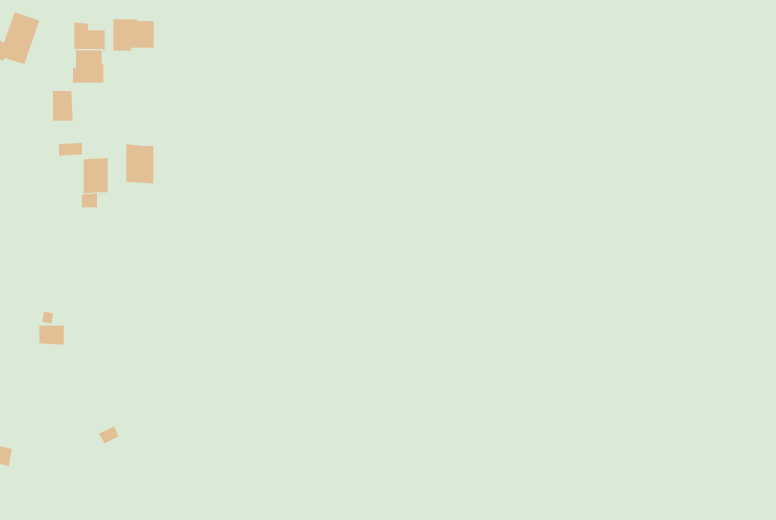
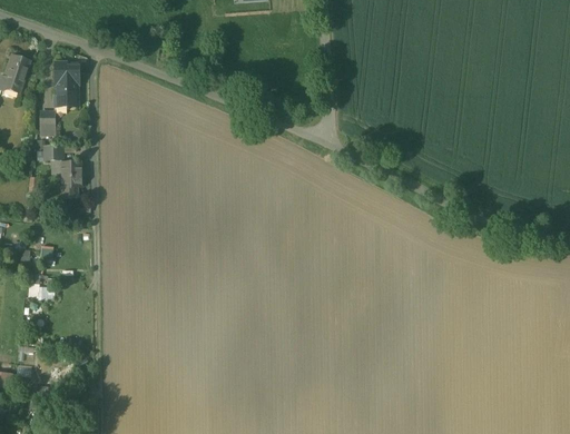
building: [113,19,154,52] -> none
building: [126,144,154,184] -> none

